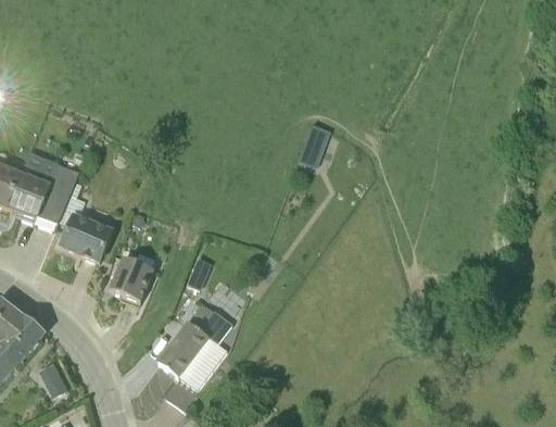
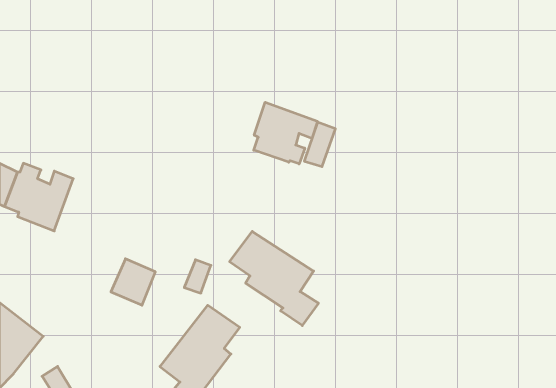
building: none -> [254,102,317,164]
building: [60,178,111,260] -> none
building: none -> [230,231,318,326]

